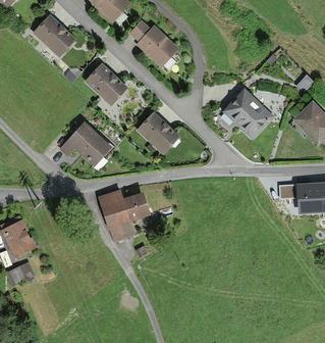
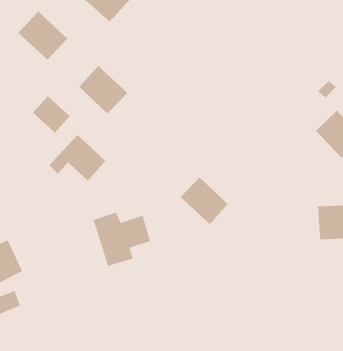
building: [131,21,177,65] -> none
building: none -> [32,96,71,133]
building: [223,89,274,139] -> none
building: [137,113,179,156] -> [180,176,228,225]

